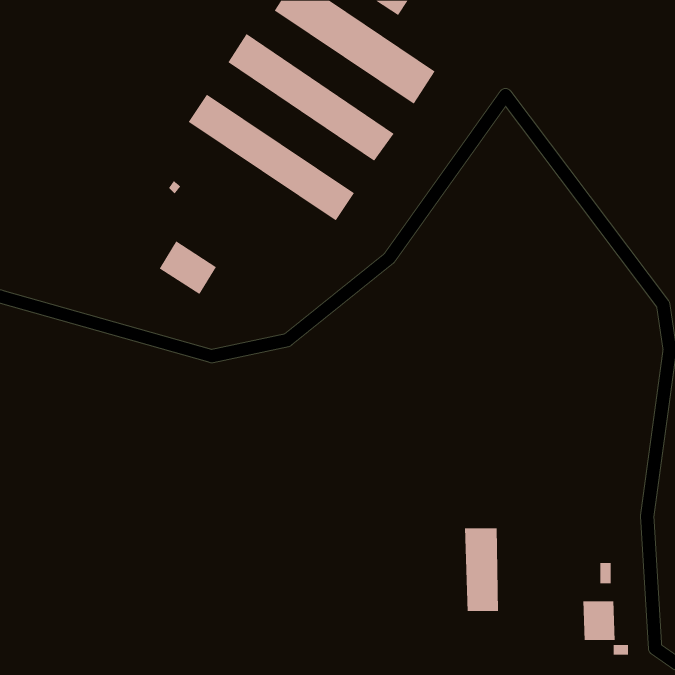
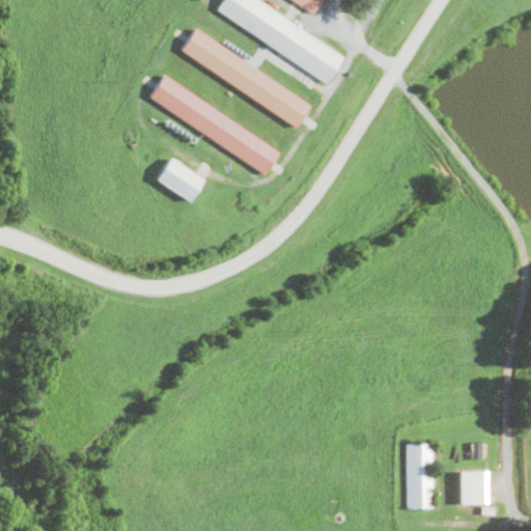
building: [159,241,217,295] -> [156,159,201,201]
building: [464,528,499,611] -> [407,443,434,508]

